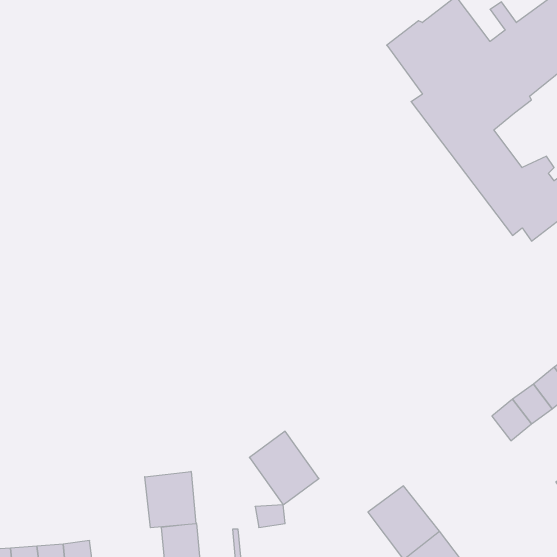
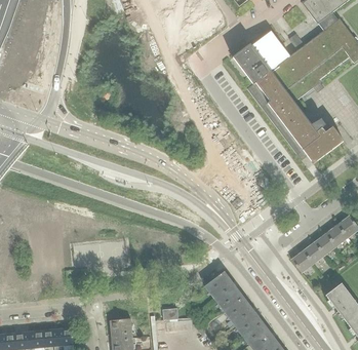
building: [249,431,319,505] -> [205,271,243,311]
building: [145,471,196,528] -> none

